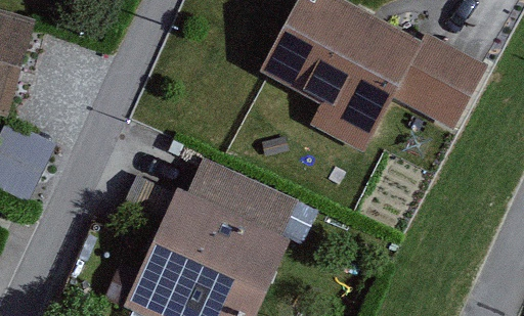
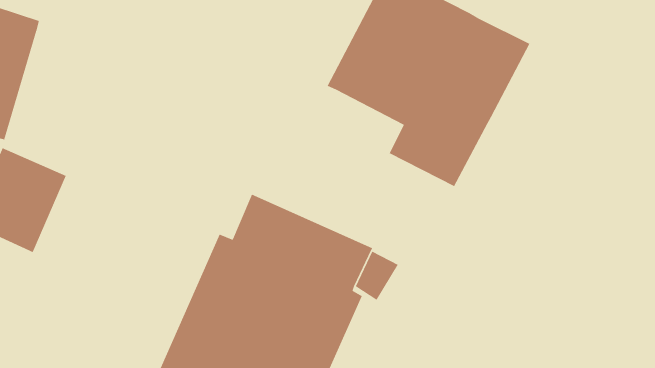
building: [391,33,487,130] -> none

